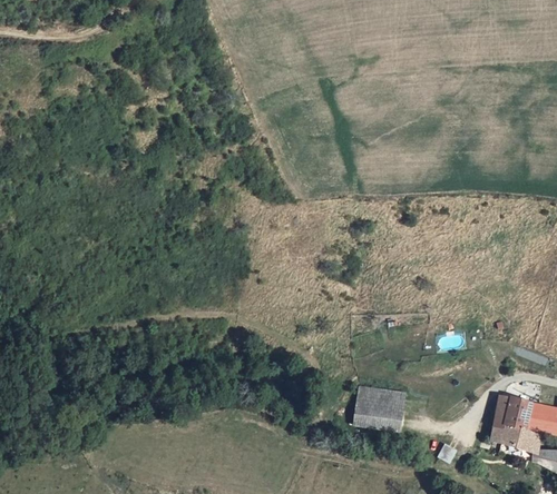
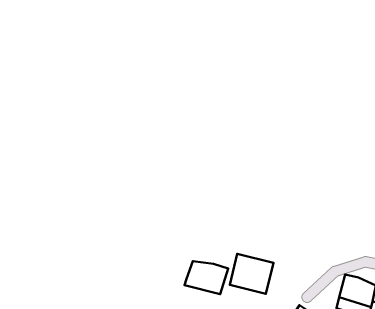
building: none -> [185,261,228,294]

